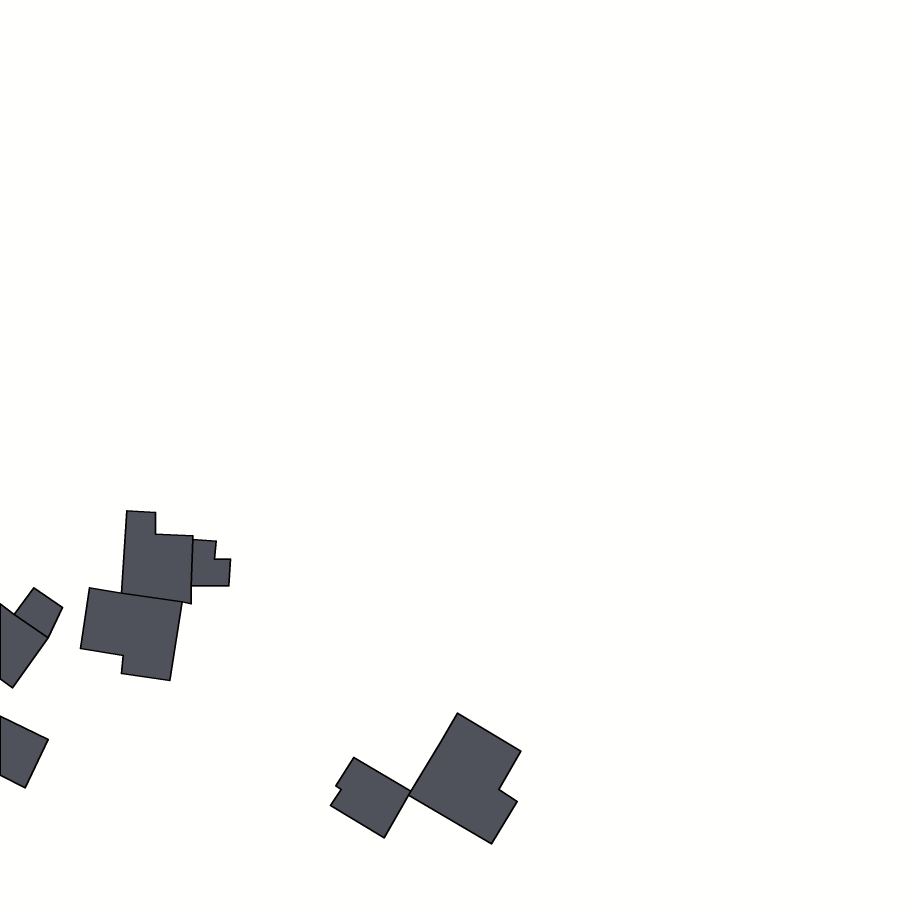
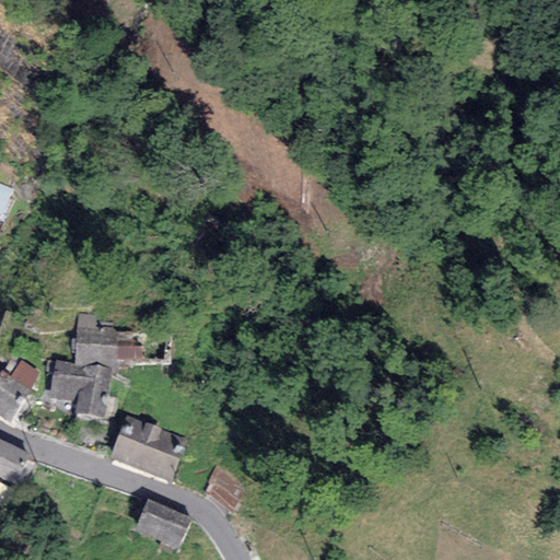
building: none -> [109,415,188,481]
building: [409,713,521,844] -> none
building: none -> [133,498,191,548]

